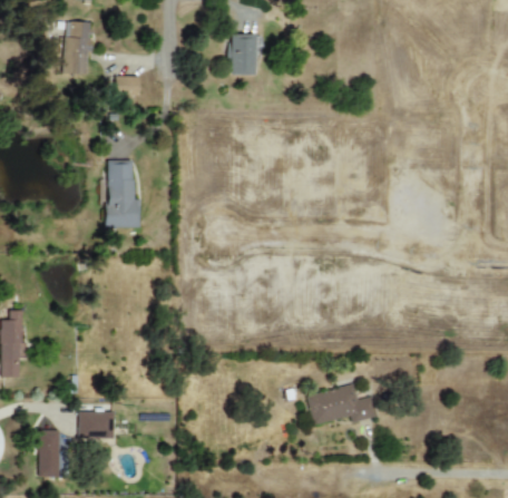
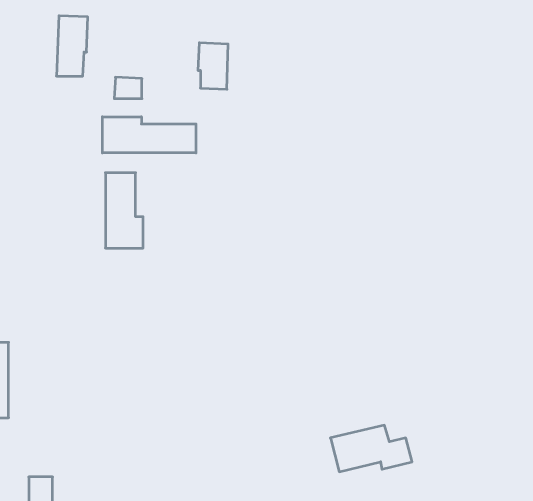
building: [229,35,256,76] -> [198,43,228,89]
building: none -> [102,117,196,153]
building: [78,412,115,439] -> none

